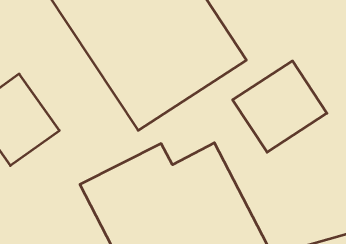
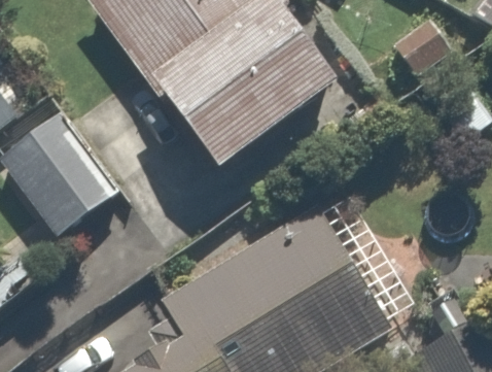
building: [233,61,327,152] -> none

